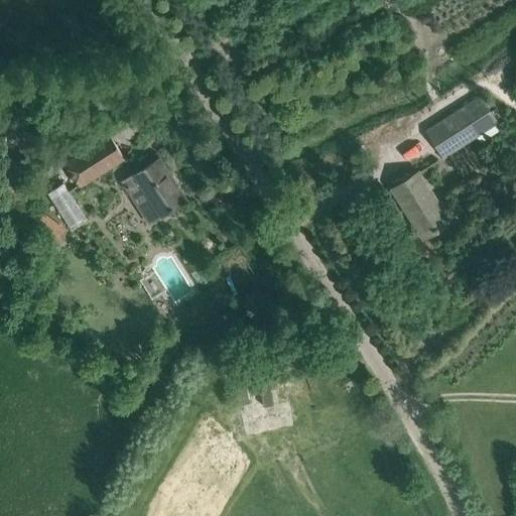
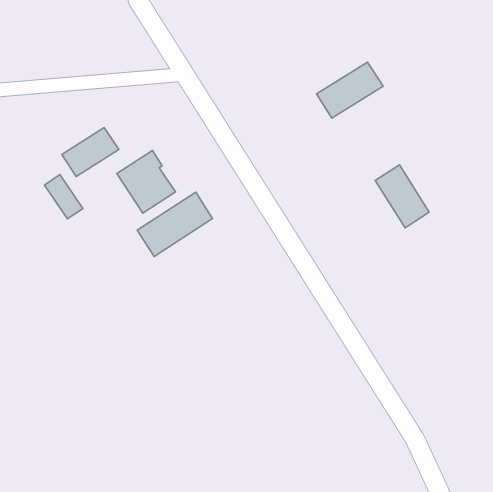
building: [426,99,496,157] -> [316,62,383,118]
building: none -> [137,192,213,257]

